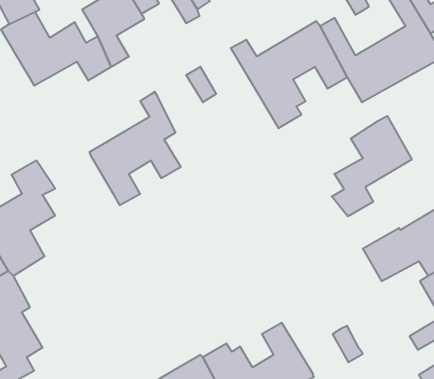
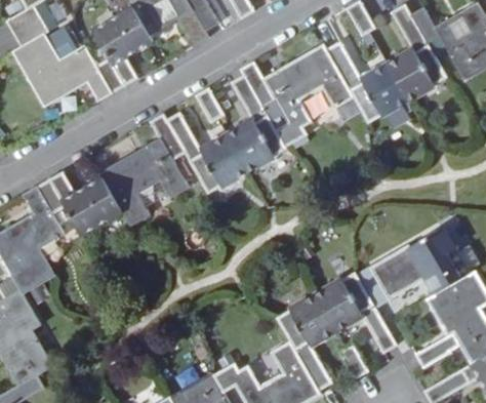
building: none -> [167,75,286,194]
building: [332,116,412,216] -> none
building: none -> [47,171,123,237]
building: none -> [275,270,399,391]

